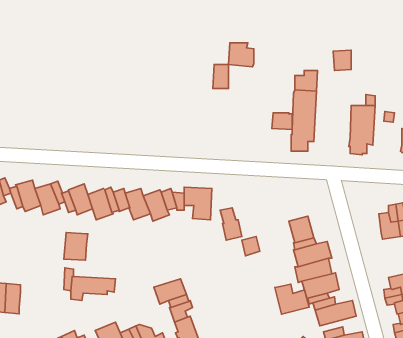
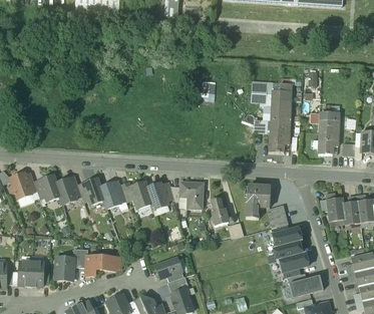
building: [229,43,254,67] -> [251,82,272,102]
building: none -> [245,185,270,218]
building: none -> [325,192,344,221]
building: [64,233,88,260] -> [54,256,74,279]
building: [275,284,309,314] -> none

